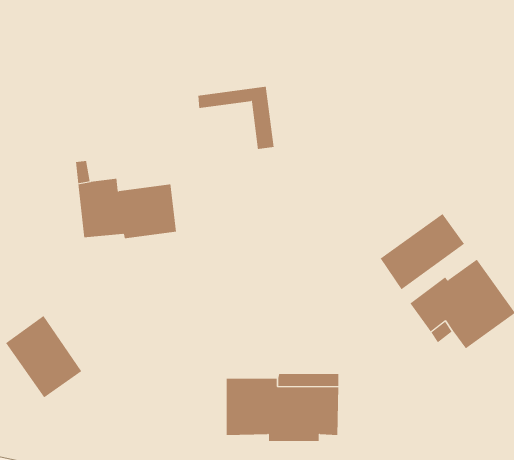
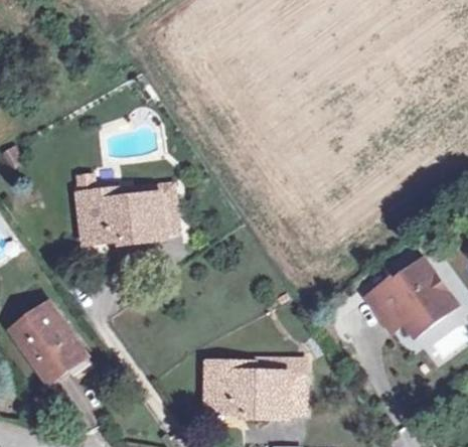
building: [197,86,275,149] -> [112,183,178,238]
building: [380,213,465,290] -> none

